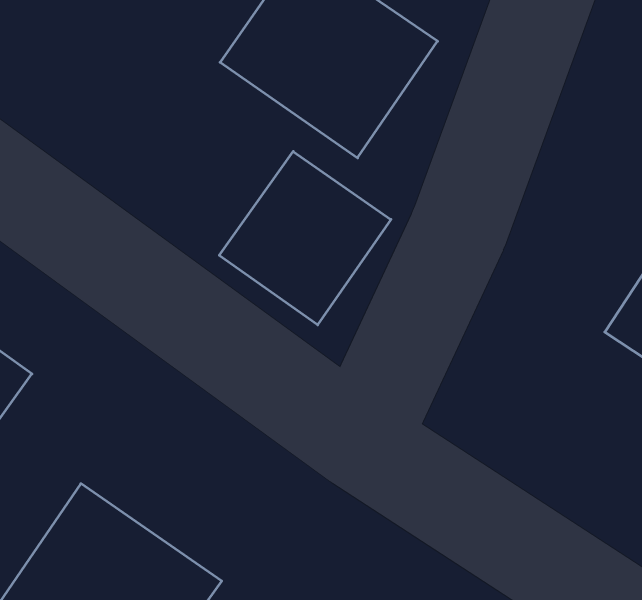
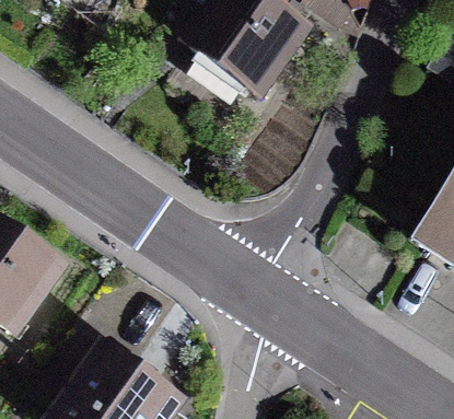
building: [219,151,391,325] -> none

